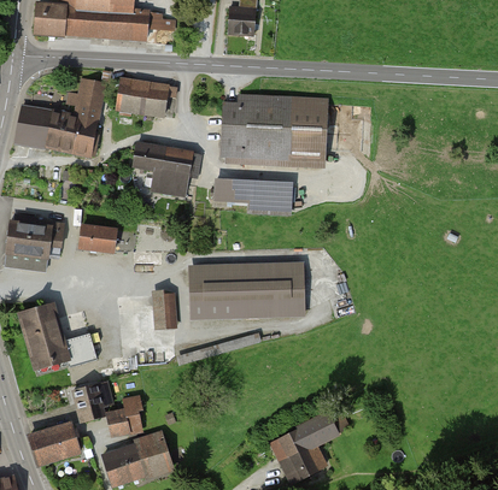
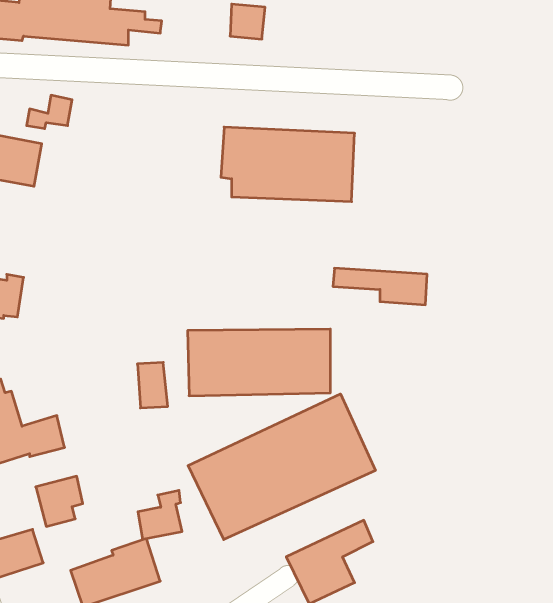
building: [116,79,175,116] -> none
building: [71,101,98,157] -> none
building: [131,144,198,195] -> none
building: [212,182,287,211] -> [333,268,427,305]
building: [78,225,115,252] -> none
building: none -> [188,394,375,540]
building: [106,397,141,436] -> [138,490,182,539]

